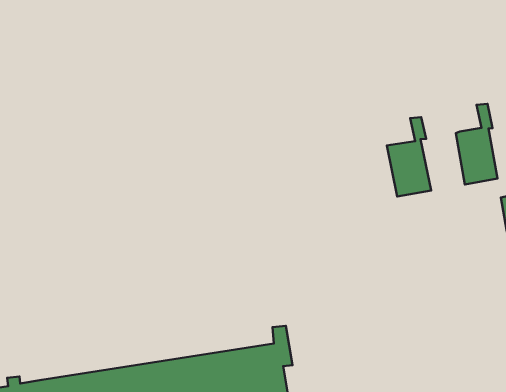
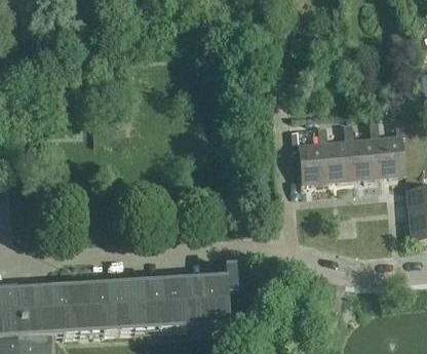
building: none -> [348,117,378,175]
building: none -> [297,122,326,180]

